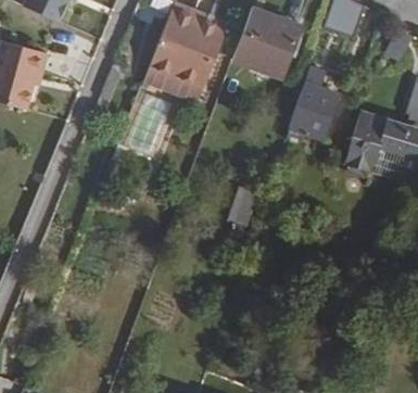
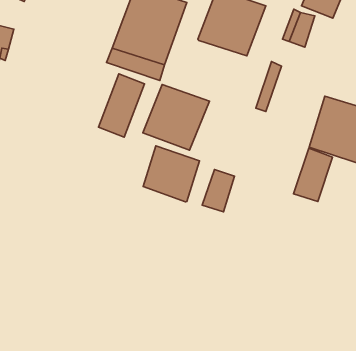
building: [299,84,337,136] -> [293,148,332,202]
building: none -> [143,85,209,150]
building: none -> [143,146,200,202]

